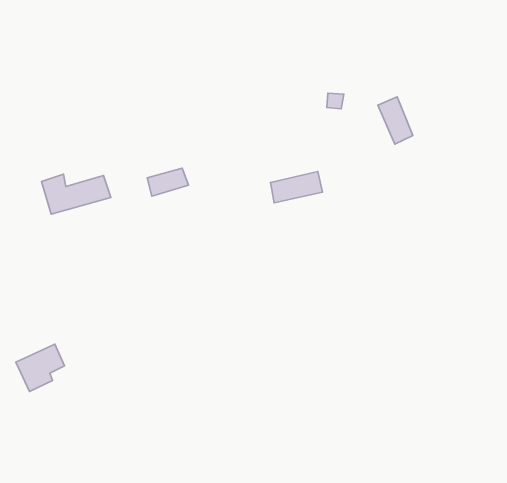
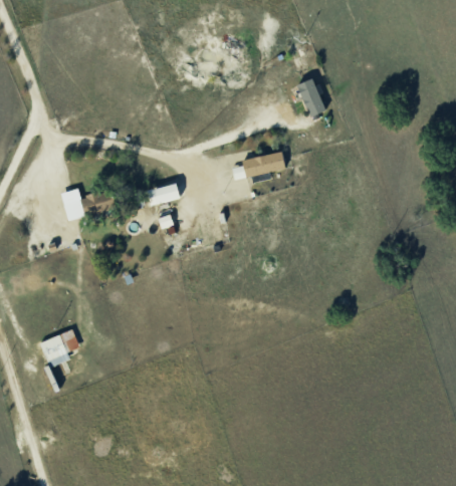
building: [378,97,413,144] -> [297,78,326,117]
building: [270,171,323,203] -> [243,151,286,177]

